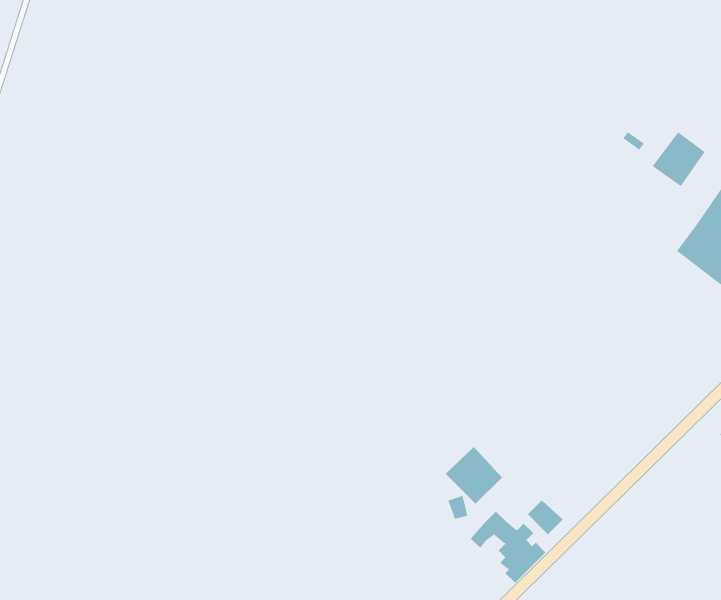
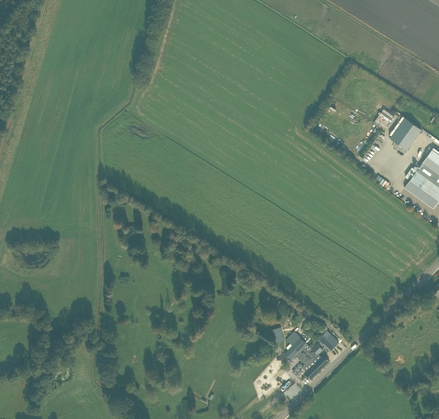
building: [445,446,503,505] -> none

